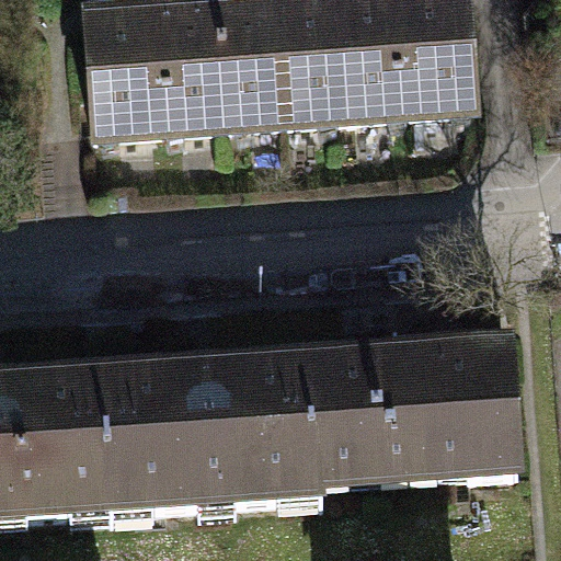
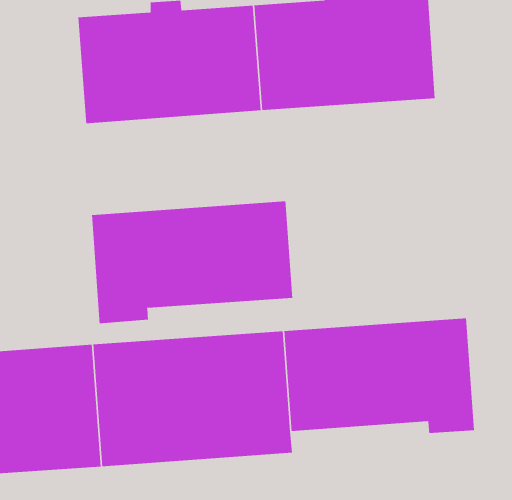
building: none -> [91,201,293,324]

